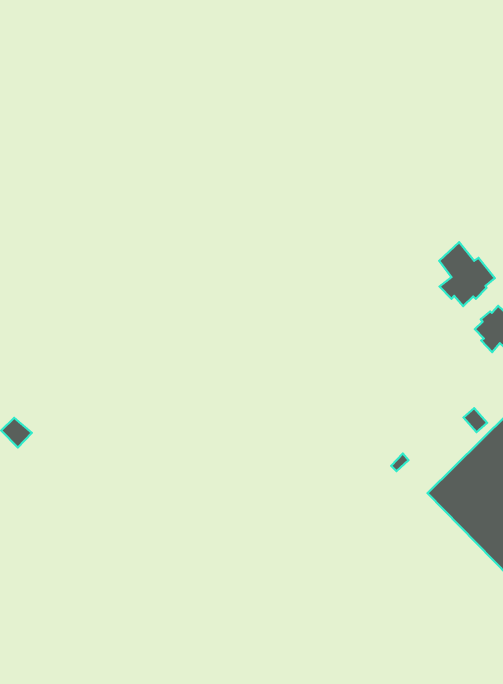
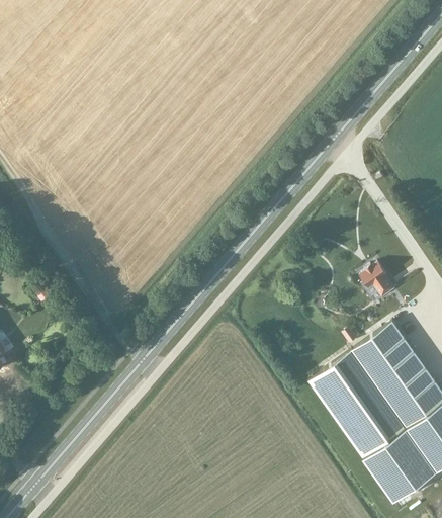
building: [439,242,495,306] -> none

